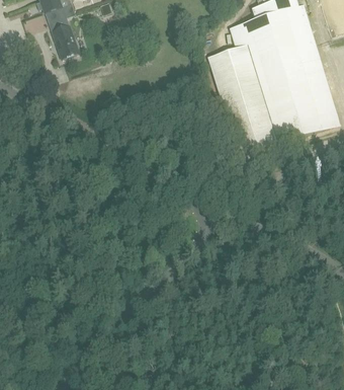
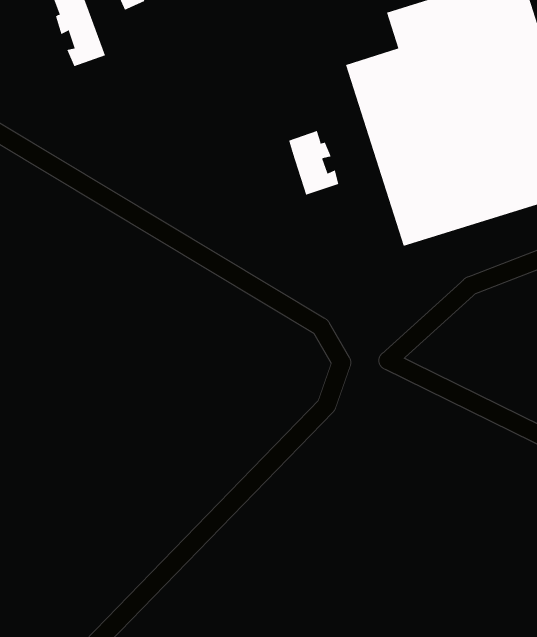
building: none -> [288,130,339,195]

